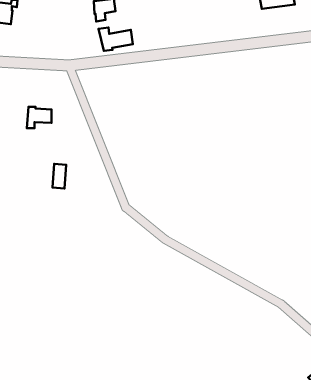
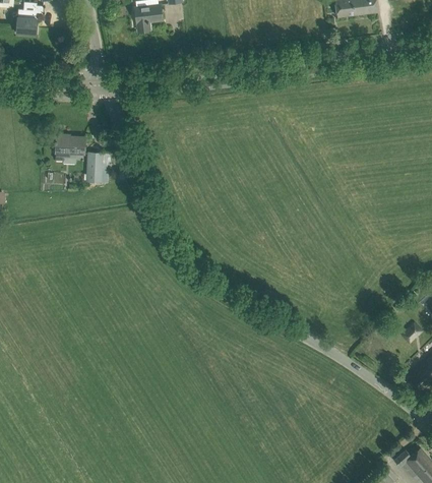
building: [99,27,133,51] -> none
building: [53,164,66,188] -> [86,152,103,181]

